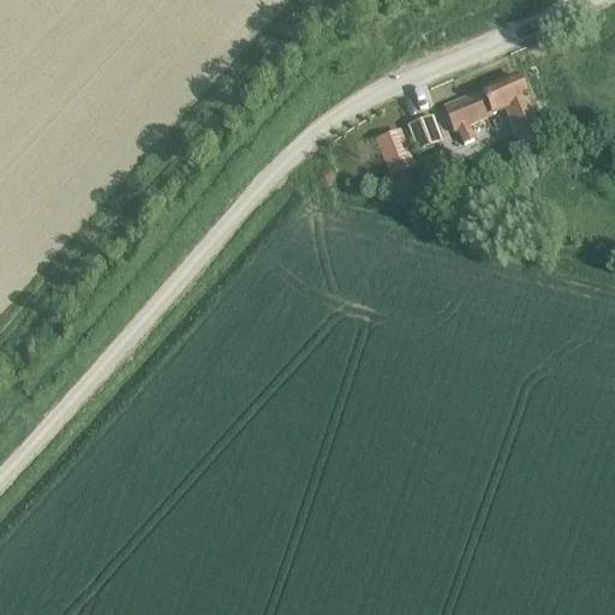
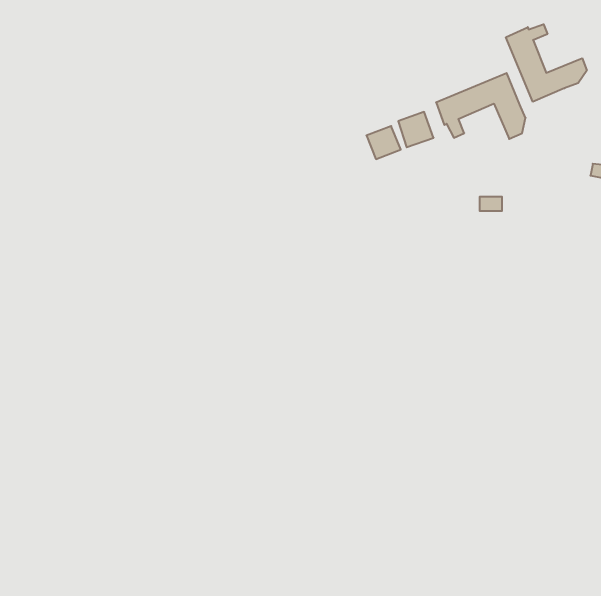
building: none -> [506,24,587,102]

